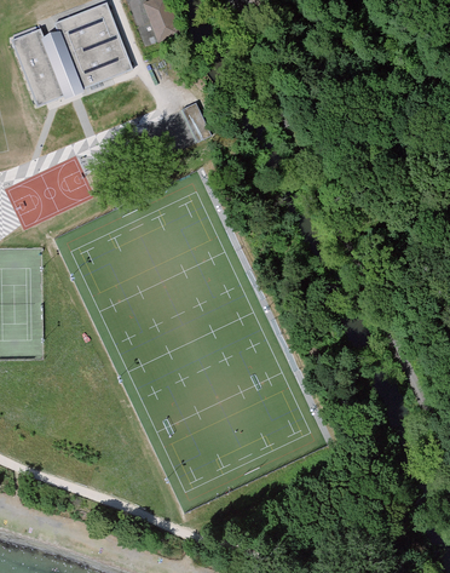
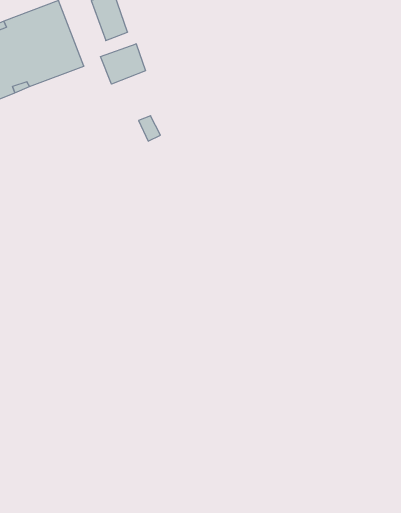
building: none -> [101,44,145,84]

